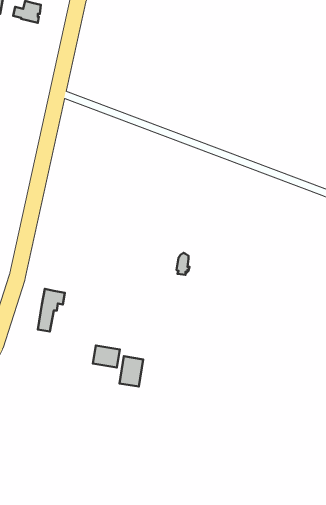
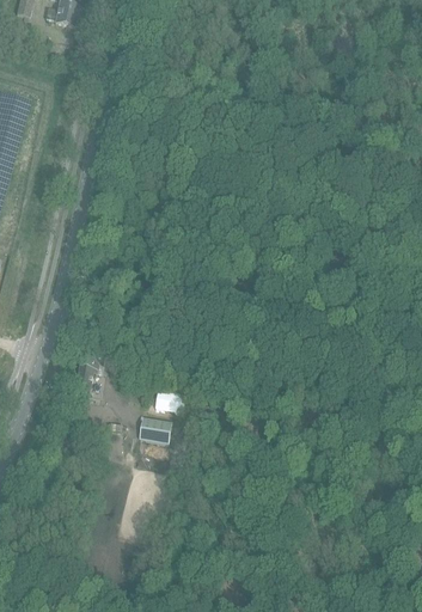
building: [119,356,143,387] -> none

